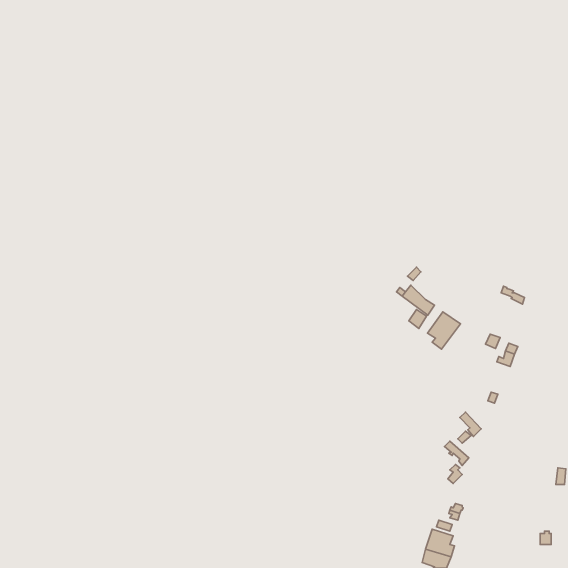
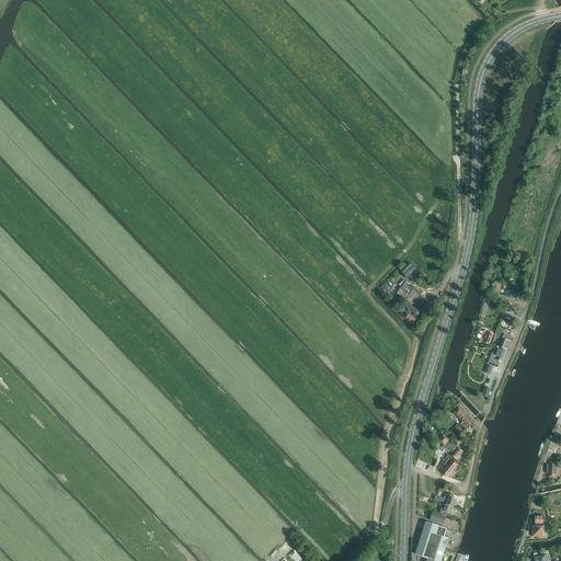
building: [428,312,460,349] -> none

